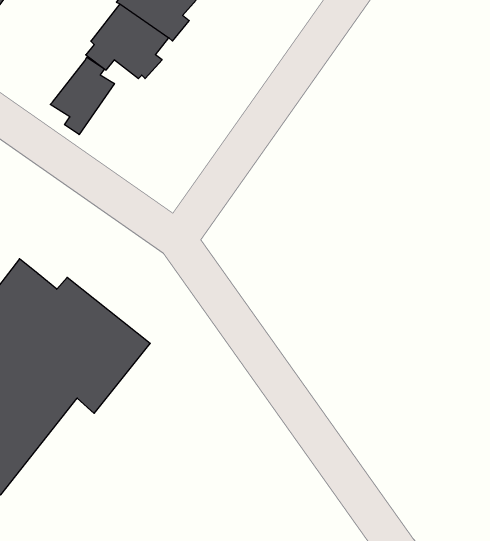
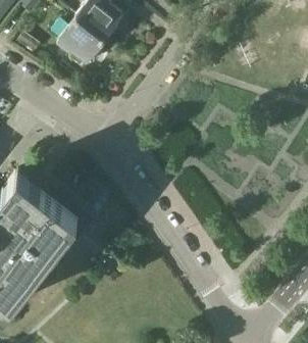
building: [50,57,114,135] -> none

